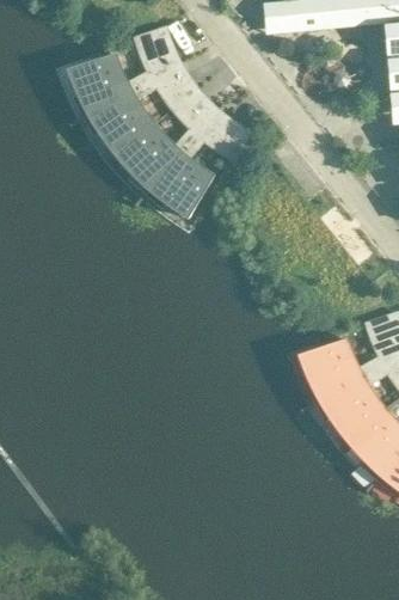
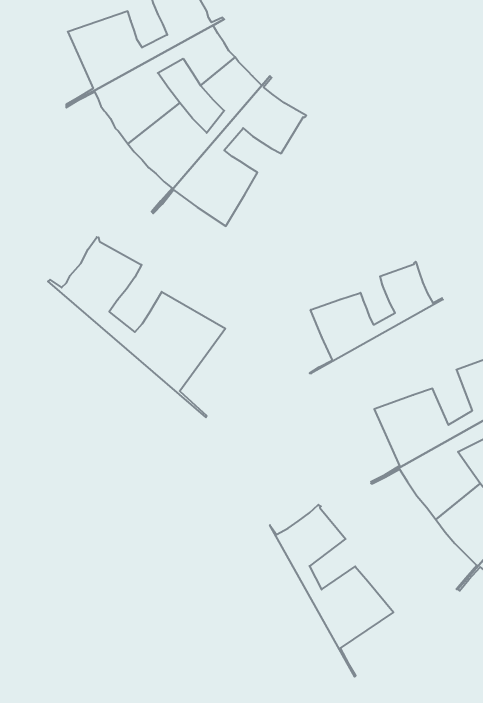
building: none -> [48,237,225,417]
building: none -> [310,262,443,374]
building: none -> [270,505,393,677]

